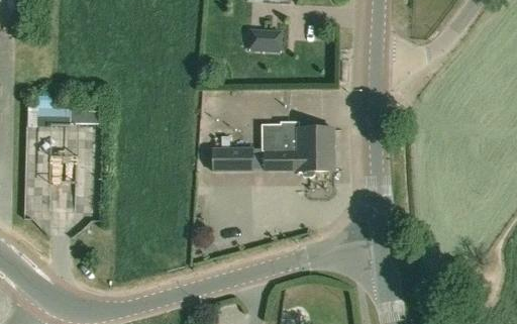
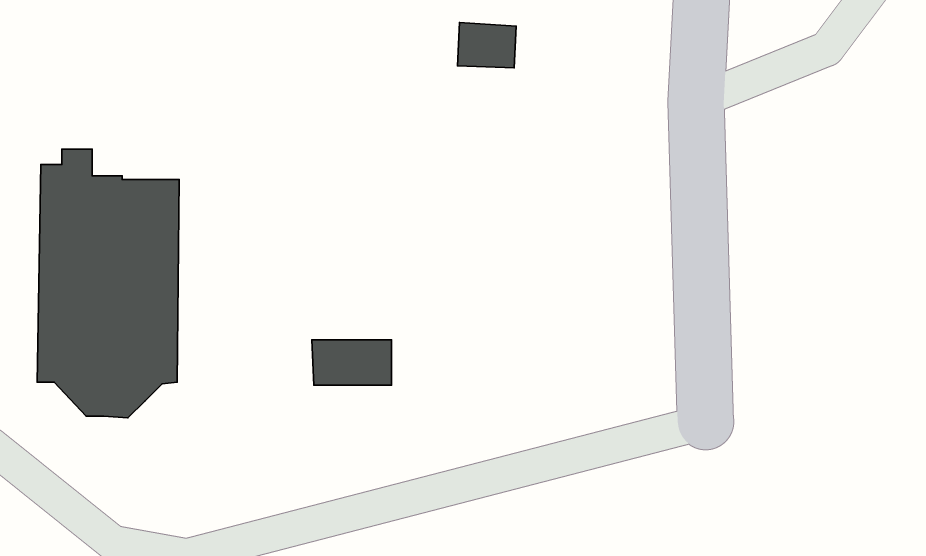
building: [263,121,333,177] -> none
building: [210,146,252,171] -> [312,340,392,385]

